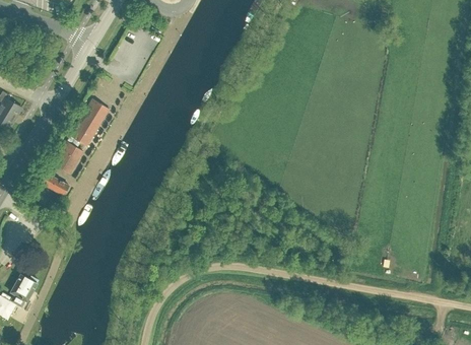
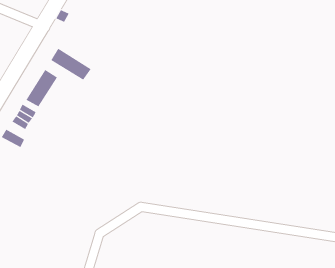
building: none -> [50,48,91,81]

